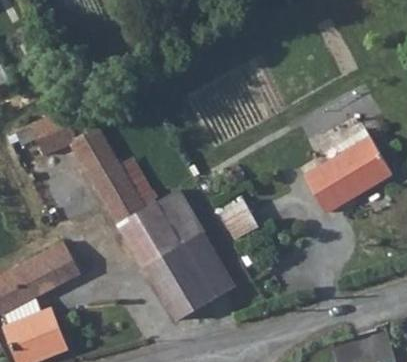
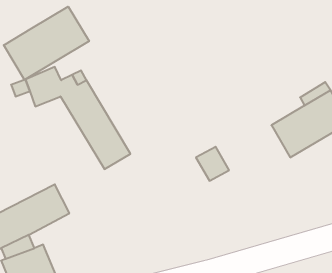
building: none -> [4,7,89,80]
building: [118,190,235,320] -> none

